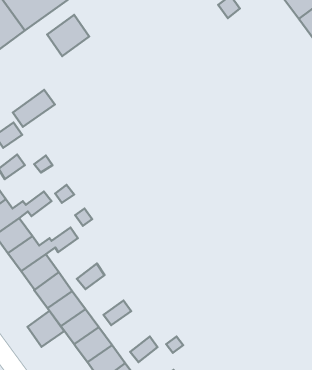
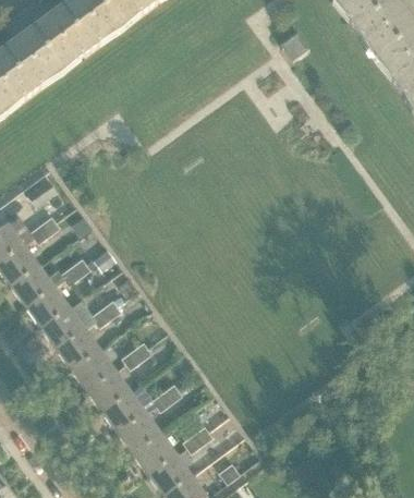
building: [47,15,89,56] -> none
building: [13,90,55,127] -> none
building: [28,311,64,347] -> none

